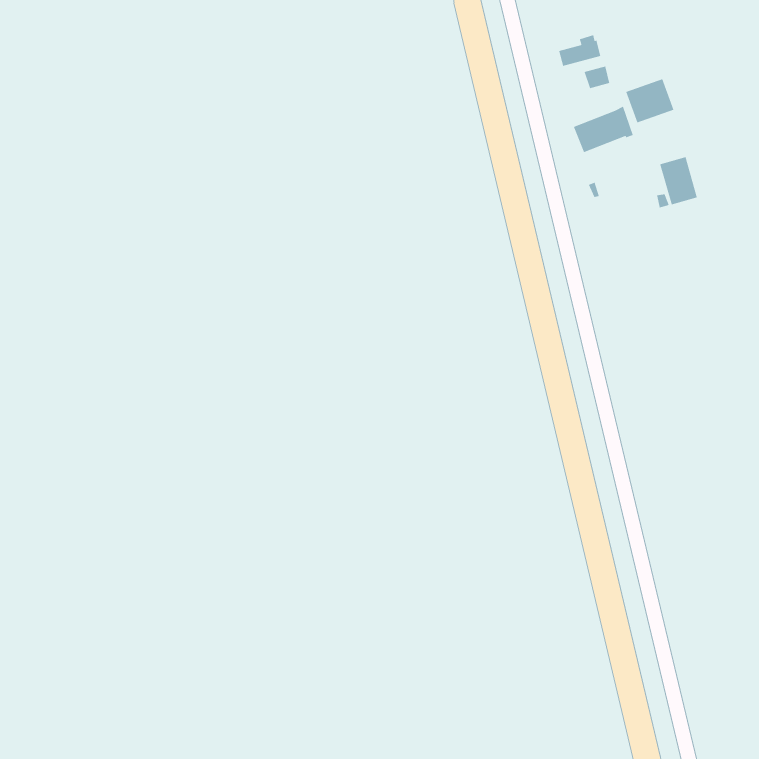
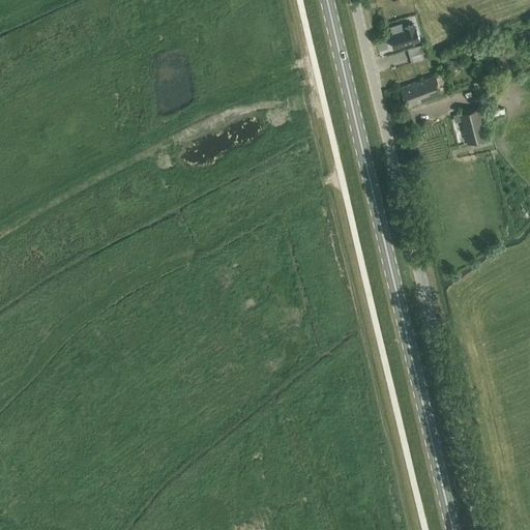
building: [625,78,674,123] -> none

